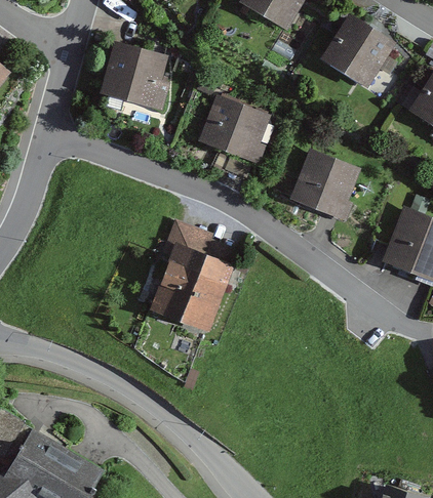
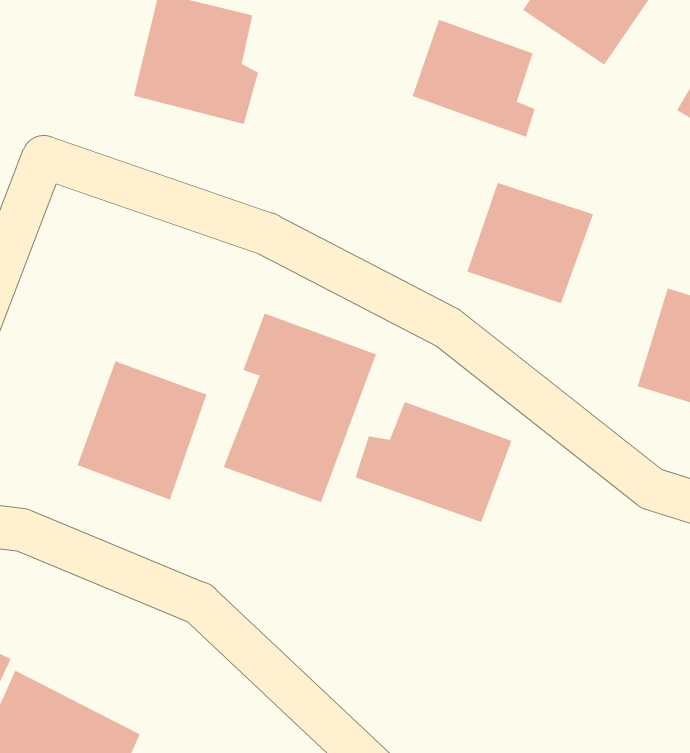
building: [196,97,267,165] -> [412,19,535,137]
building: none -> [77,360,207,500]
building: none -> [355,401,512,523]

